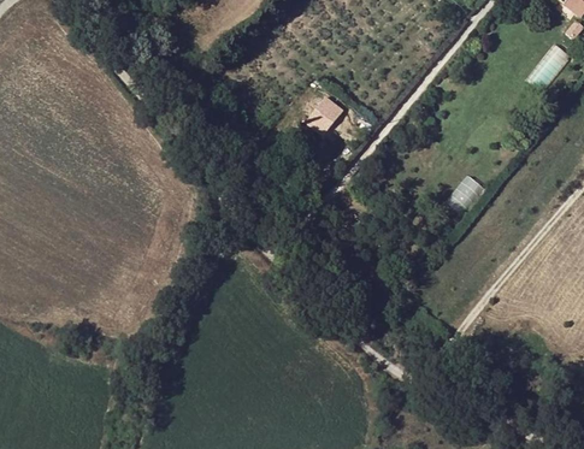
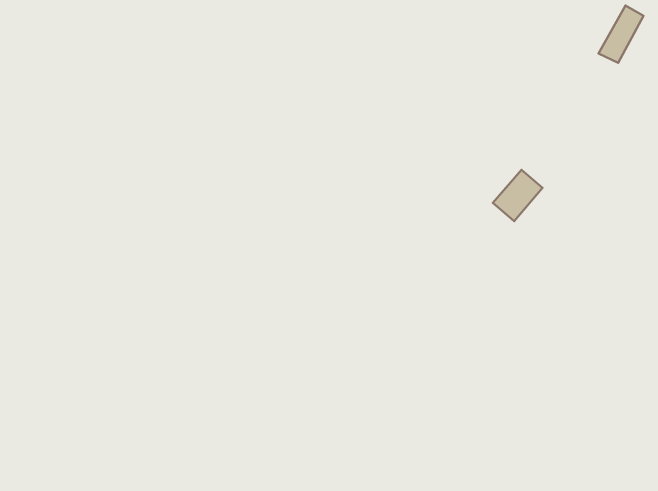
building: [305,98,341,130] -> none

